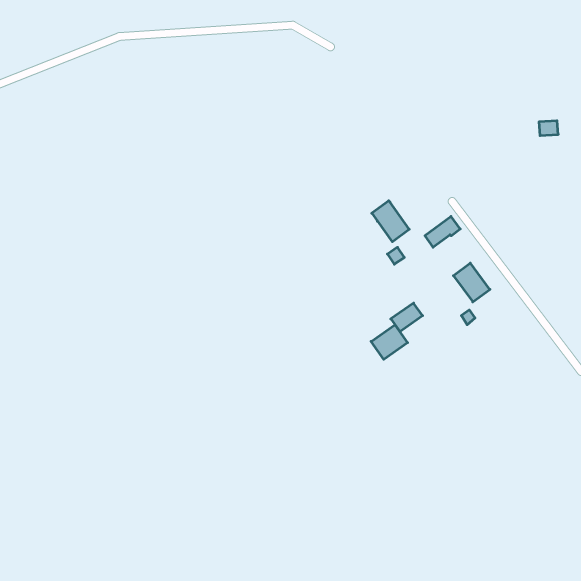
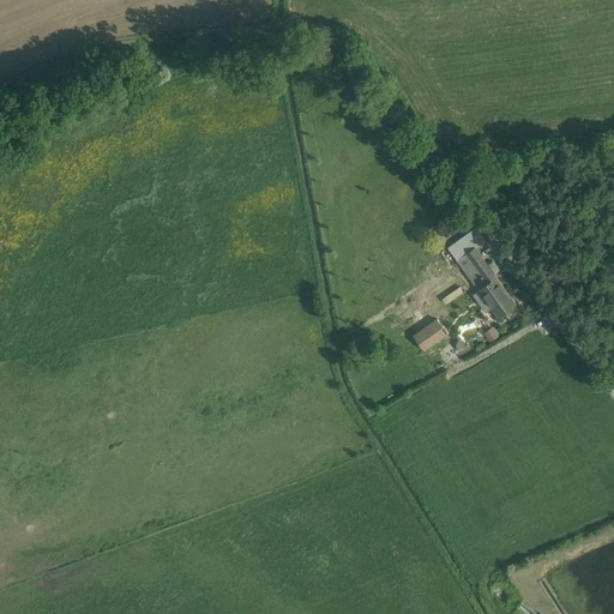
building: [372,201,409,242] -> [456,248,495,291]
building: [371,325,408,359] -> none

